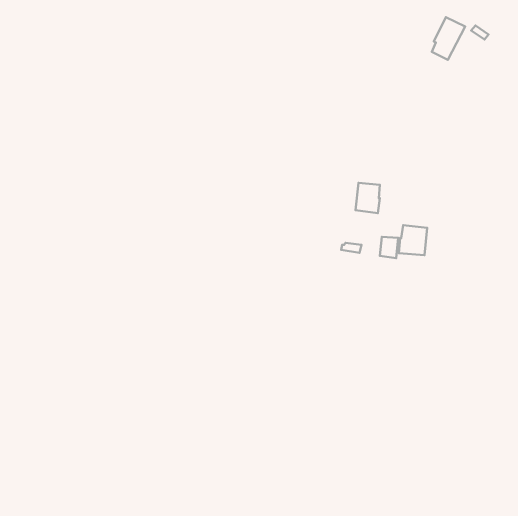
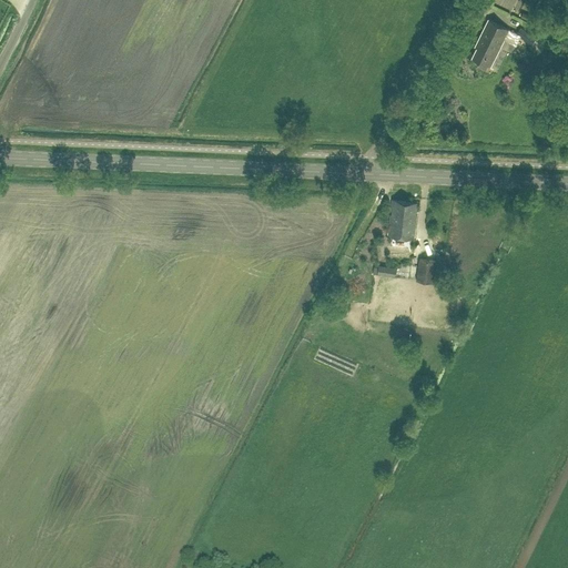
building: [399,225,427,255] -> none

